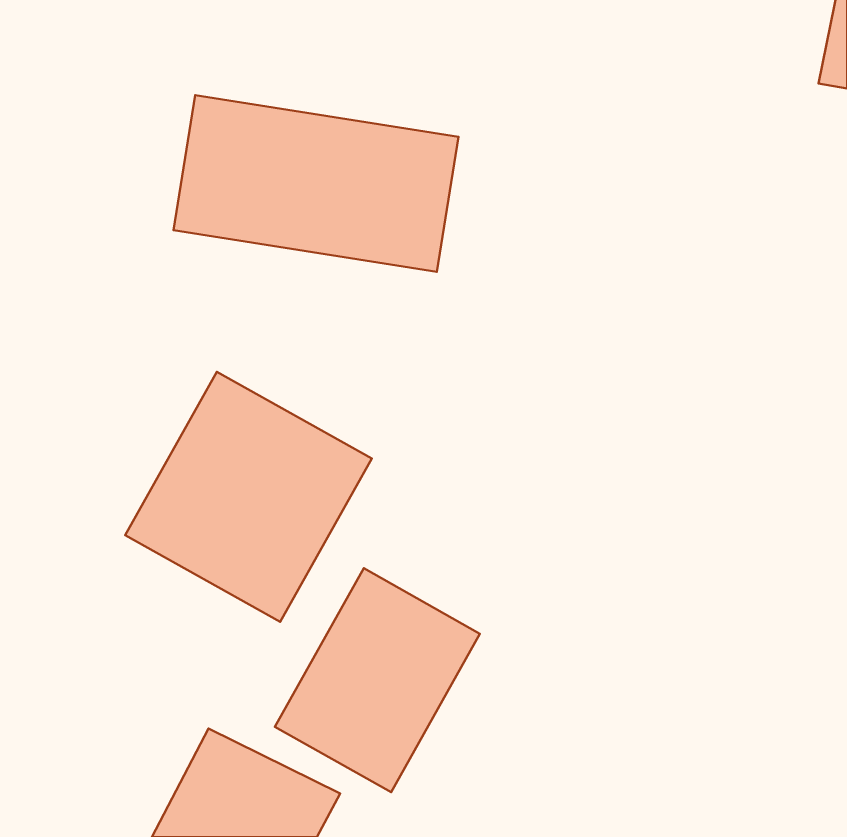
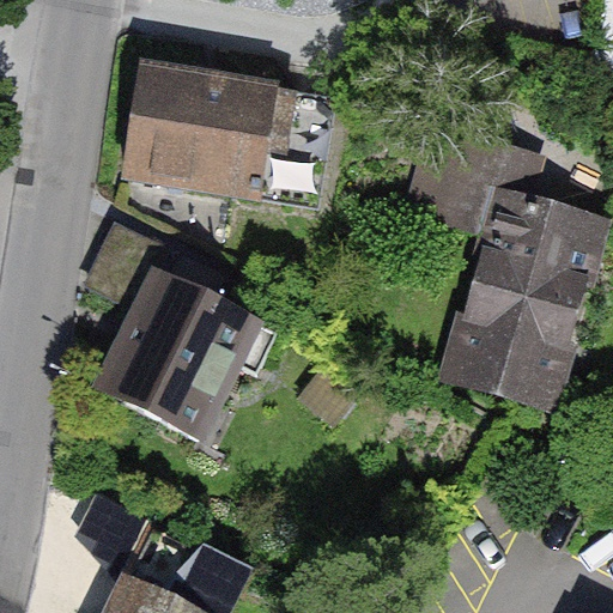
building: none -> [409,123,595,394]
building: [275,568,480,792] -> none

